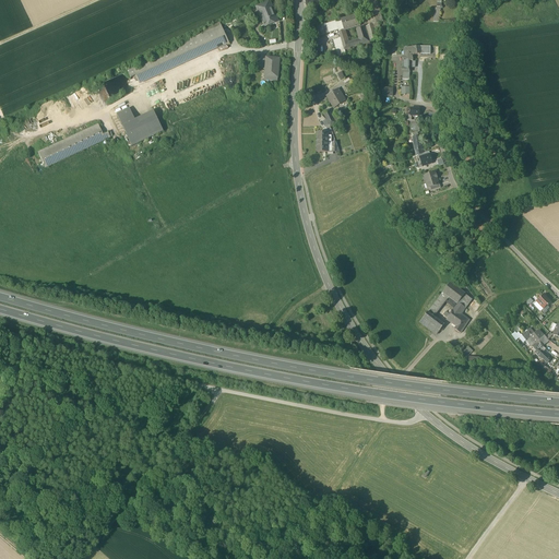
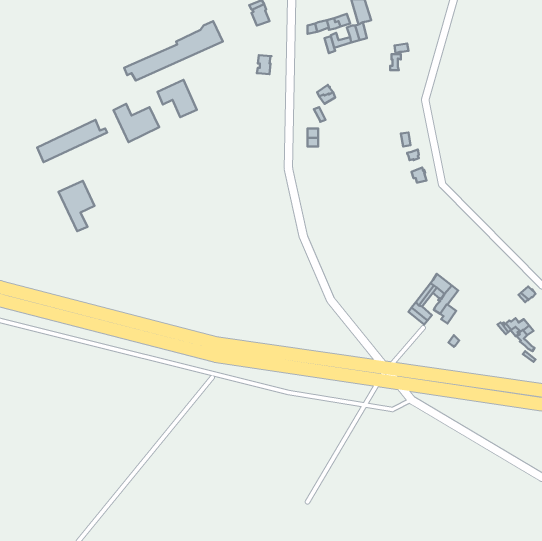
building: none -> [158,80,197,117]
building: none -> [59,181,95,231]

